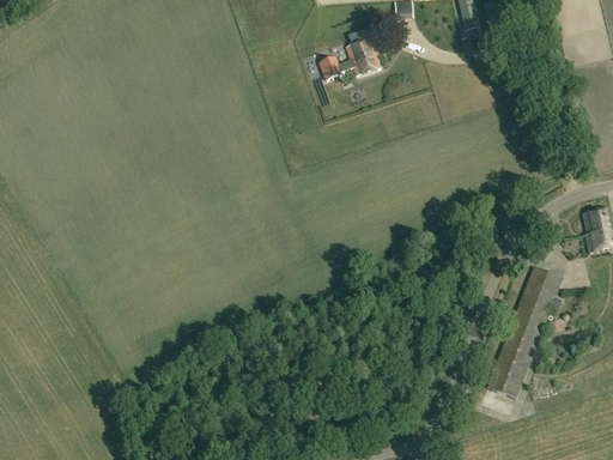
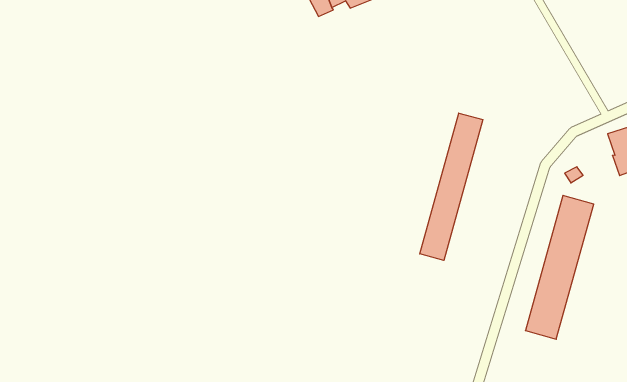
building: none -> [420,113,483,260]

